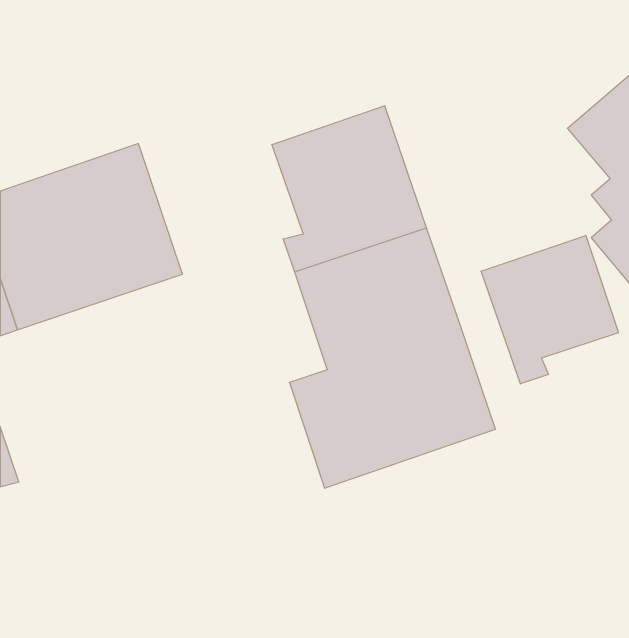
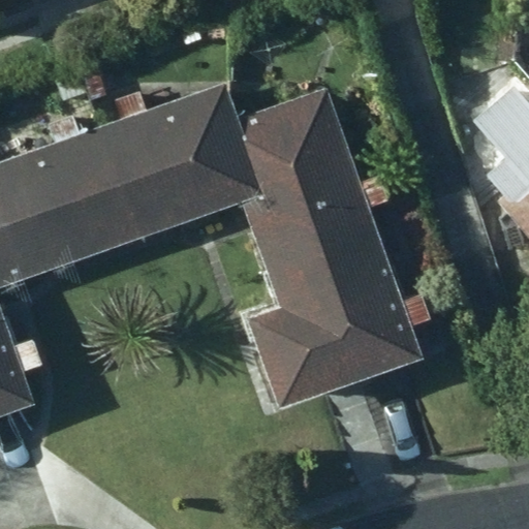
building: none -> [125,89,260,229]
building: [481,235,618,384] -> none

